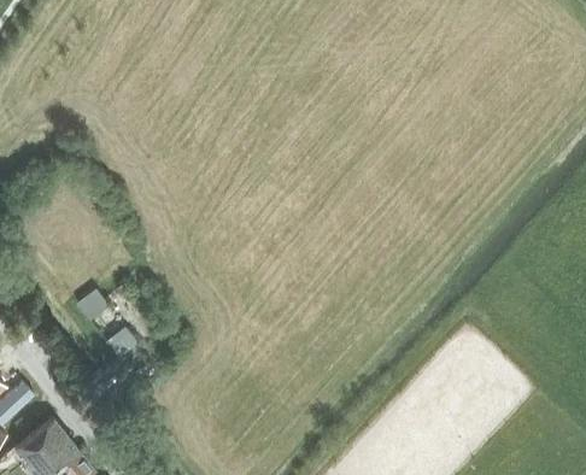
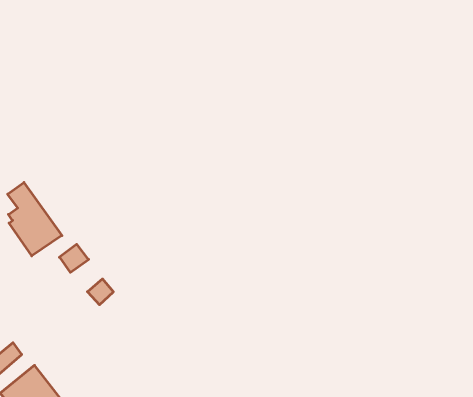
building: none -> [8,182,62,256]

